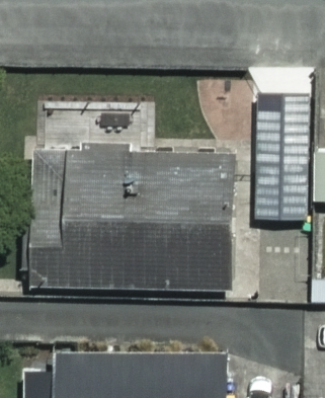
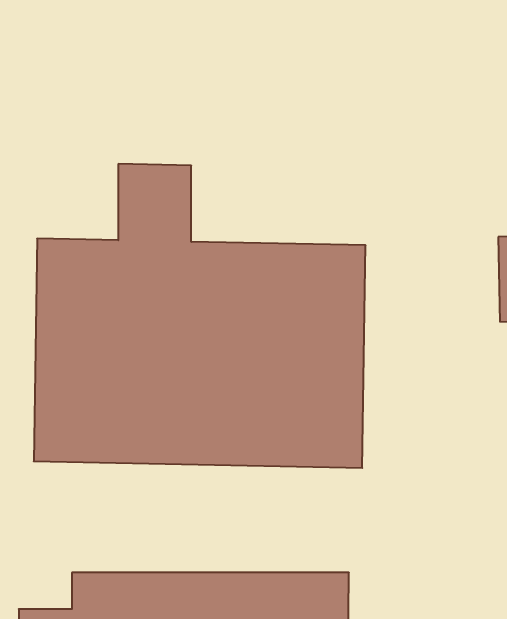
building: [248,106,308,221] -> none

